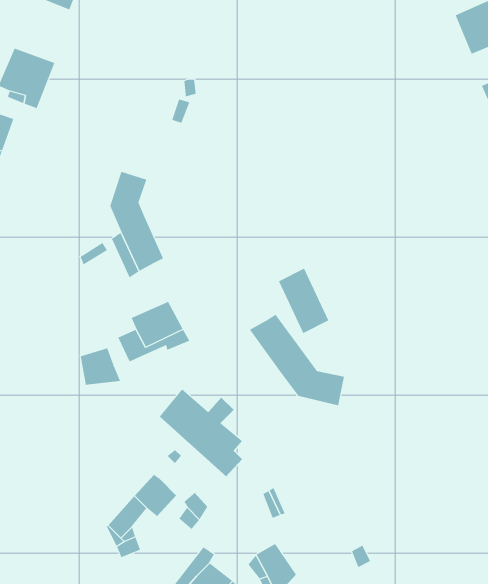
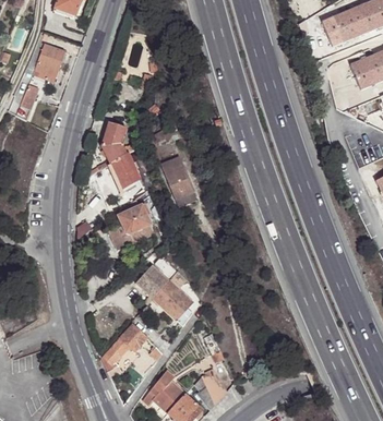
building: [278,268,329,334] -> [158,155,192,199]
building: [249,314,344,406] -> none
building: [80,348,121,385] -> none

